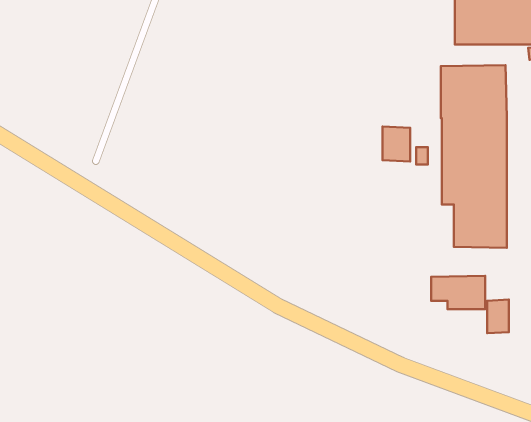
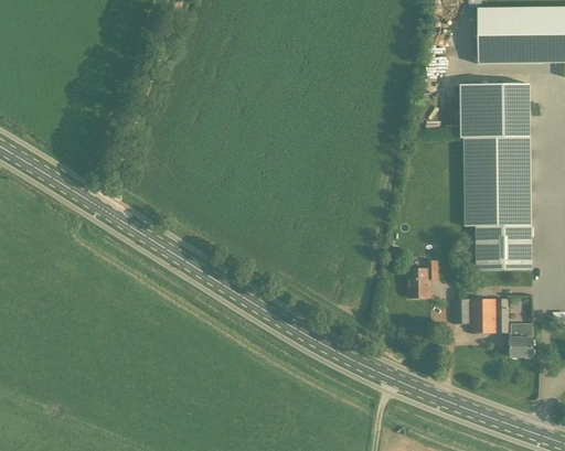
building: [382,127,410,161] -> none
building: none -> [407,260,437,297]

